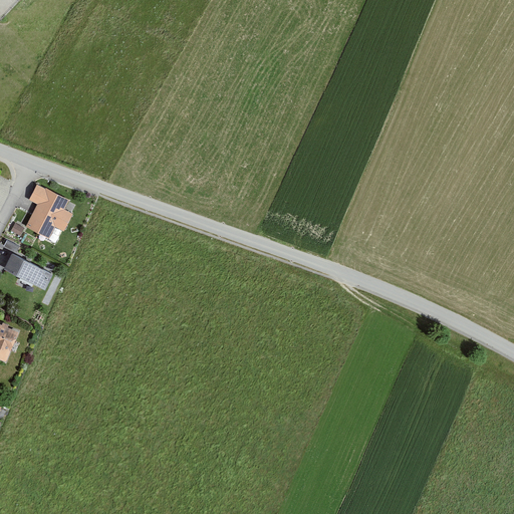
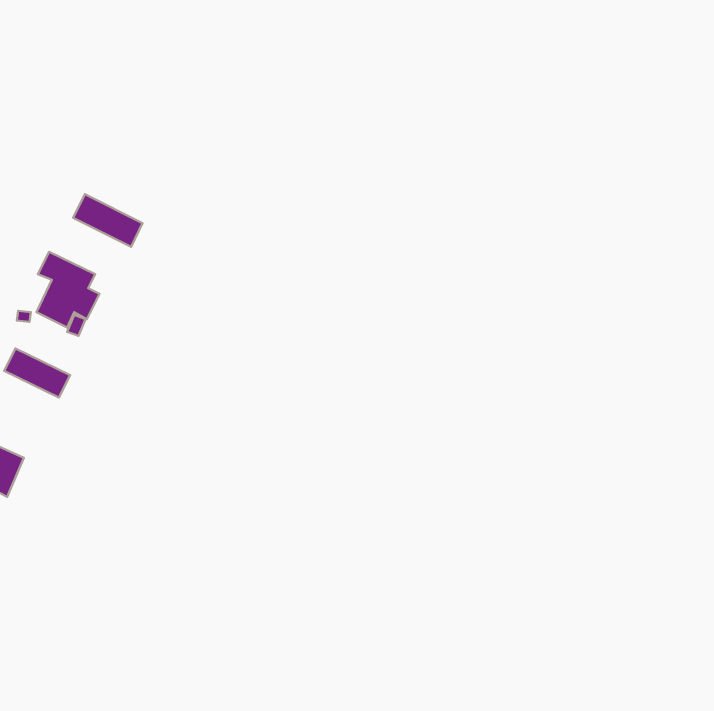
building: none -> [73,194,143,247]

